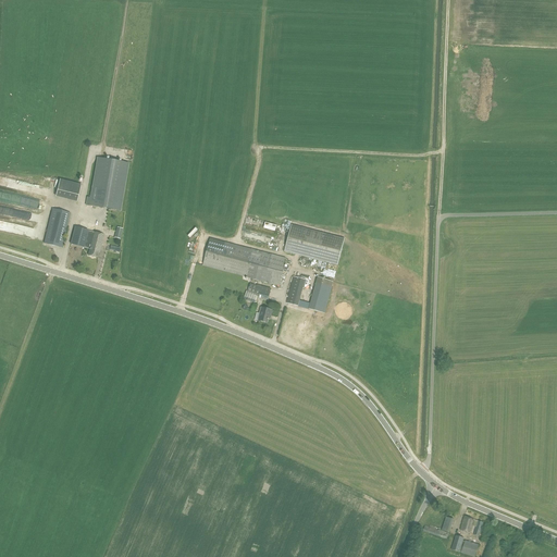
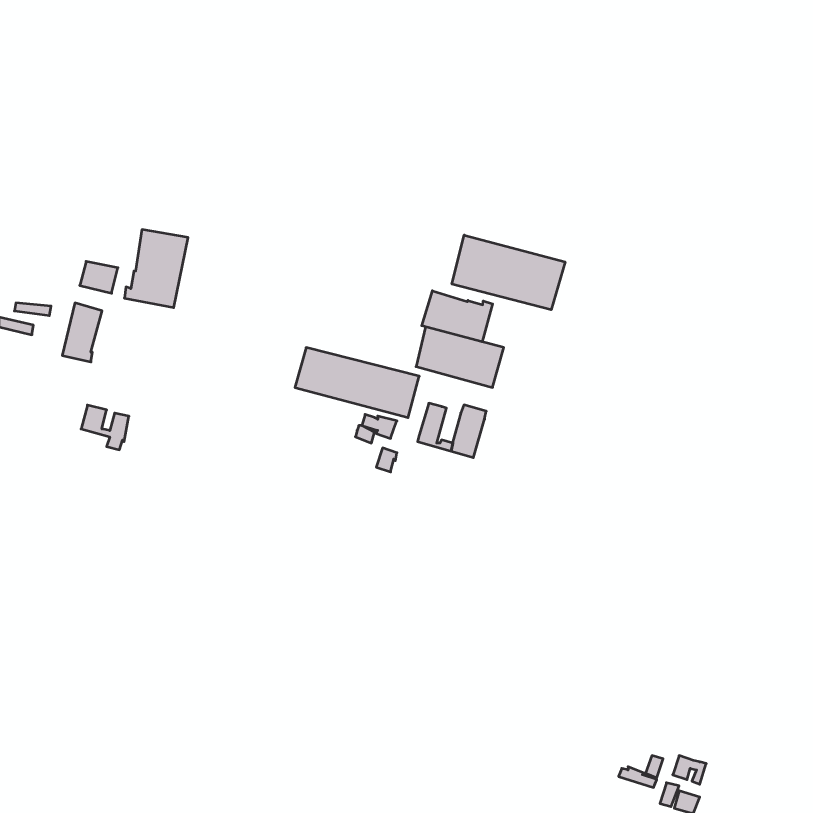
building: none -> [452,235,565,310]
building: none -> [422,291,493,342]
building: [70,226,102,257] -> [81,405,129,450]

